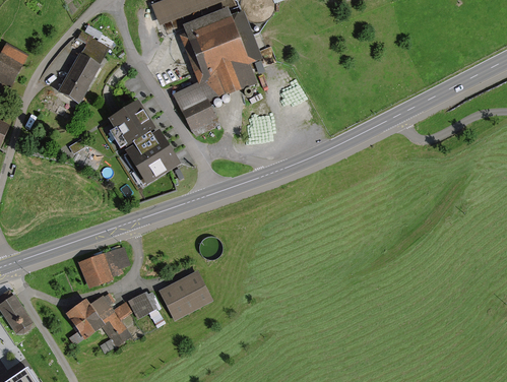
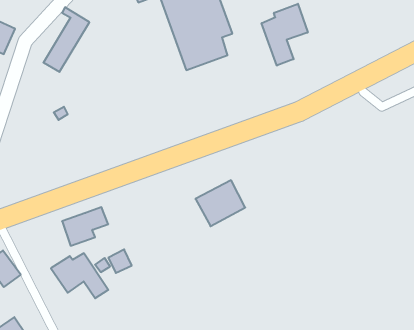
building: none -> [262,4,308,66]
building: [173,79,216,130] -> none
building: [109,100,182,185] -> none
building: [157,270,211,320] -> [195,180,245,226]

